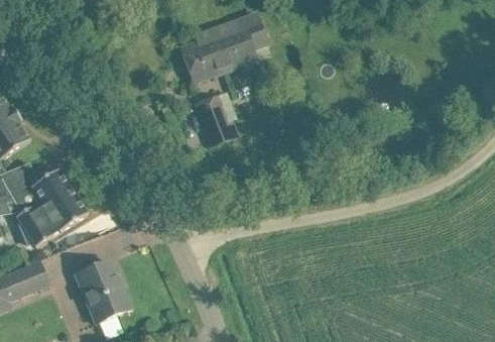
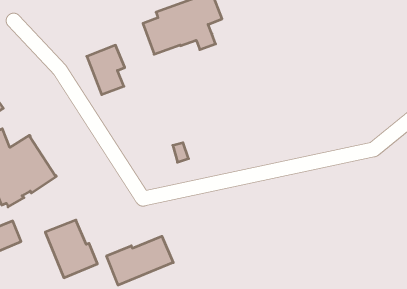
building: [196,91,237,144] -> [87,45,125,95]
building: none -> [107,236,173,285]

